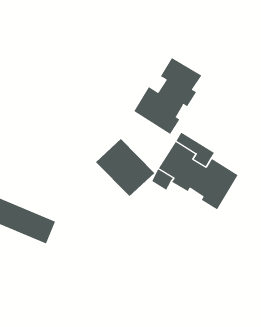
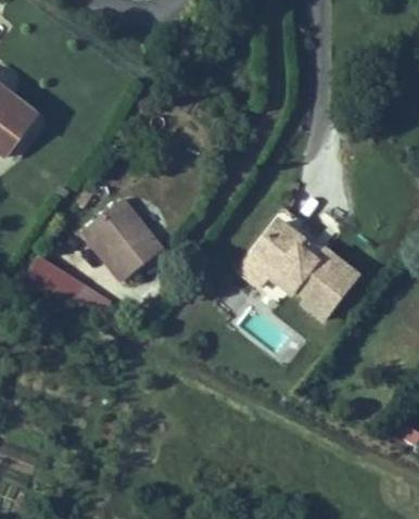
building: [134,57,202,135] -> none
building: [95,138,155,197] -> [88,194,165,274]

